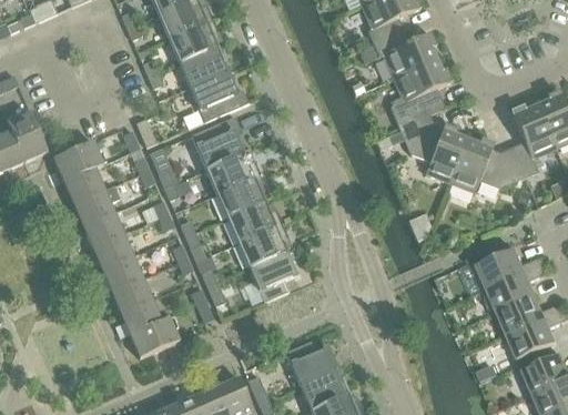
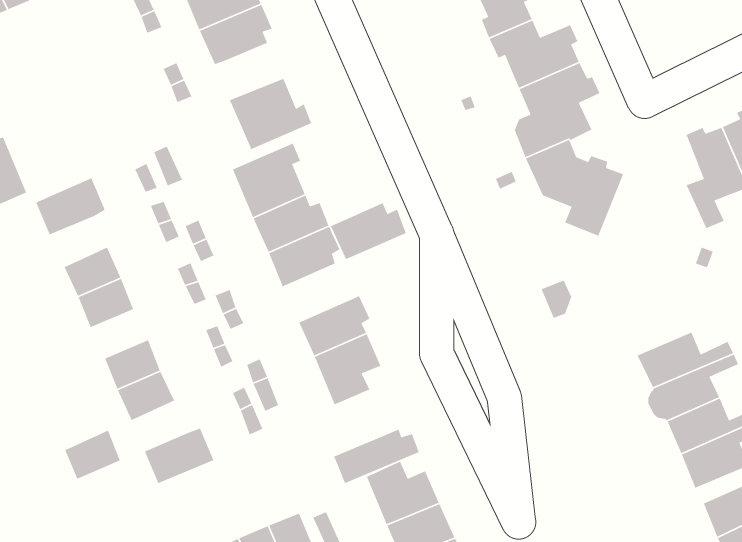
building: [179,45,227,85] -> none
building: [449,138,525,192] -> none
building: [62,168,103,203] -> none
building: [226,201,281,242] -> [330,202,407,260]
building: [91,233,132,267] -> none
building: [120,297,160,333] -> [64,429,121,480]
building: none -> [333,429,420,484]

